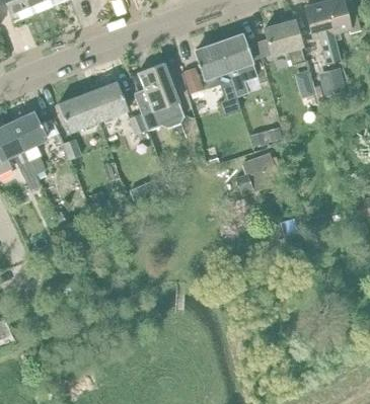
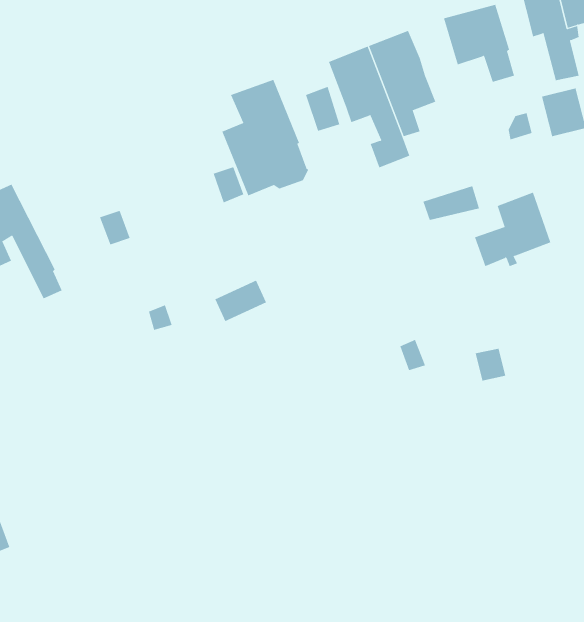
building: [58,80,128,132] -> none
building: [11,112,46,173] -> none
building: [234,152,279,195] -> [474,192,551,267]

